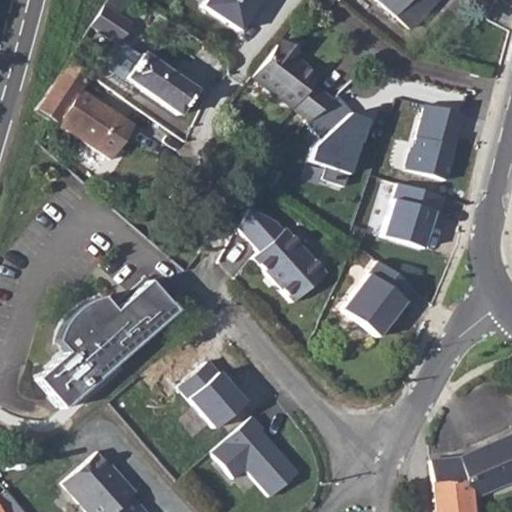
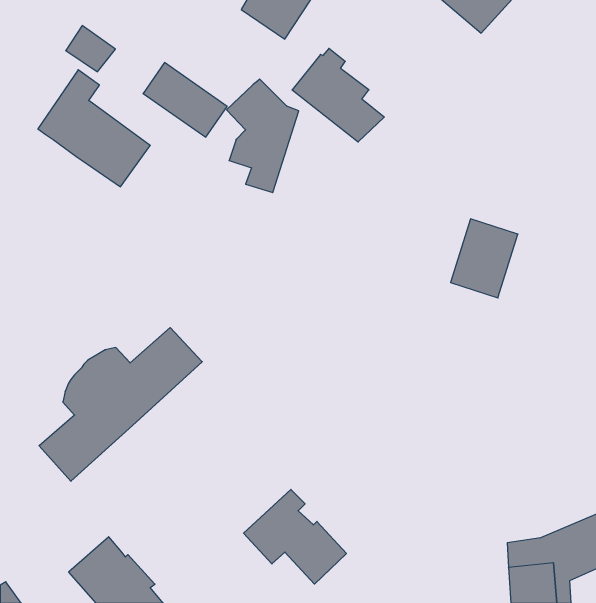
building: [95,4,137,43] -> [66,26,115,72]
building: [310,94,371,190] -> [227,79,299,193]
building: [409,104,472,183] -> none
building: [235,215,326,303] -> none
building: [343,262,415,339] -> none
building: [169,352,249,431] -> none

